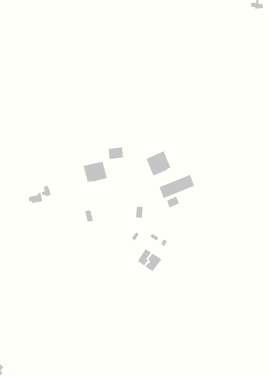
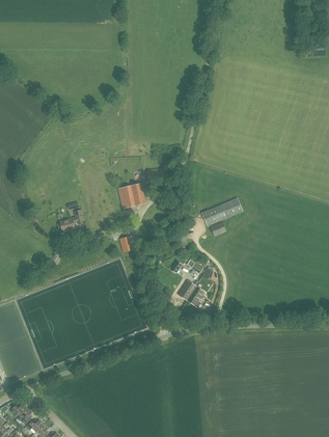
building: [146,150,172,176] -> none

